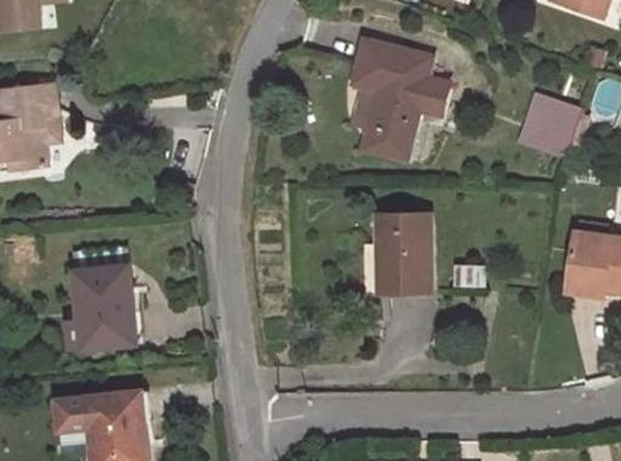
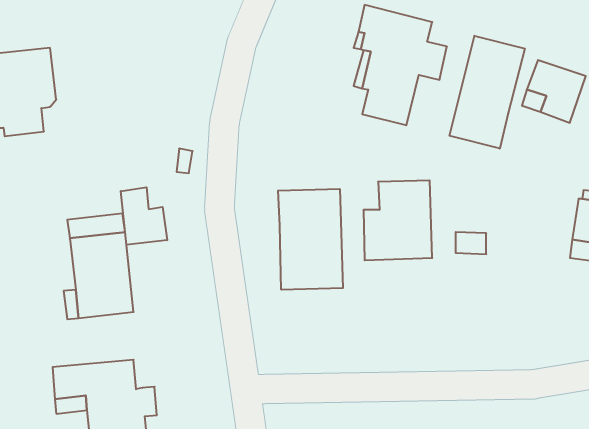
building: none -> [449,36,525,149]
building: none -> [121,187,167,245]
building: none -> [278,189,343,290]

